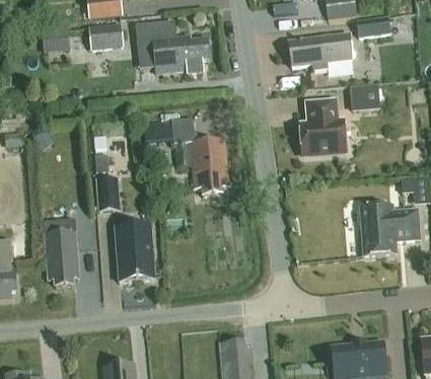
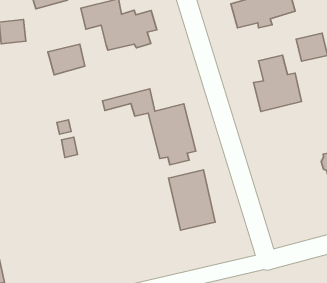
building: [88,21,124,49] -> [48,44,85,75]
building: [97,177,122,212] -> none
building: [43,218,78,285] -> none
building: [114,223,154,281] -> [169,170,215,230]

